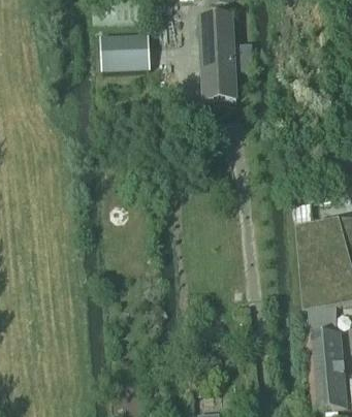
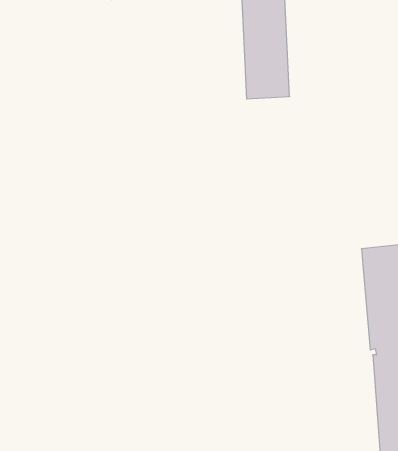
building: [101,33,151,69] -> none

